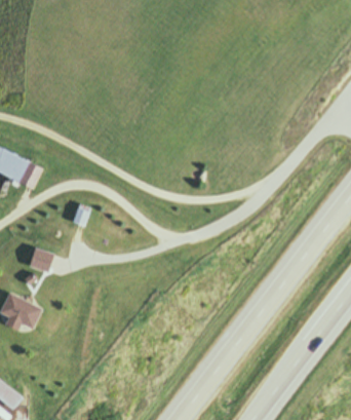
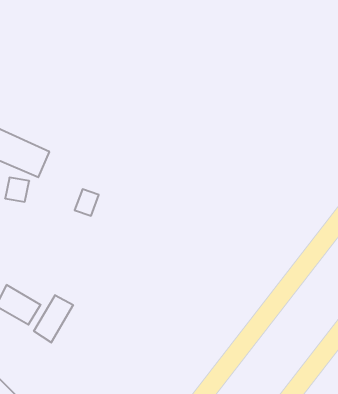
building: [29,249,51,271] -> [5,178,29,202]
building: none -> [34,295,73,343]

